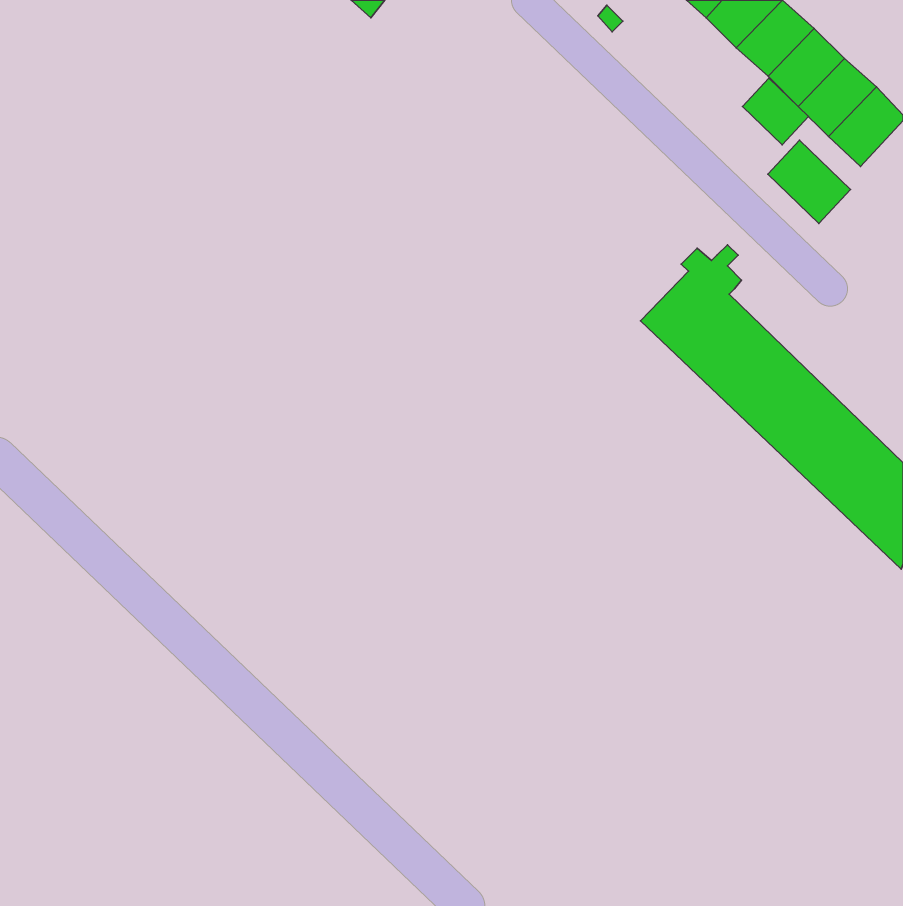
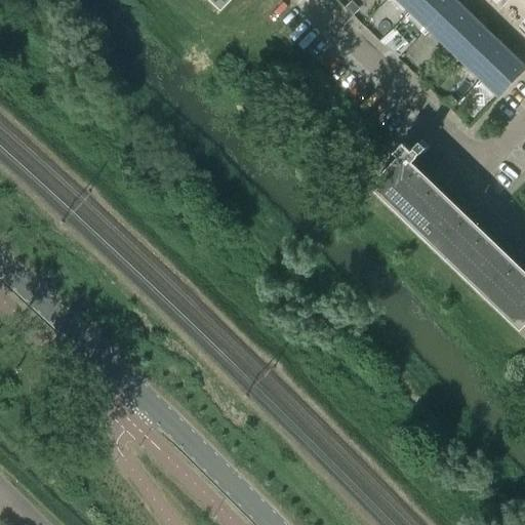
building: [742,78,809,145] -> none
building: [768,140,851,223] -> none

